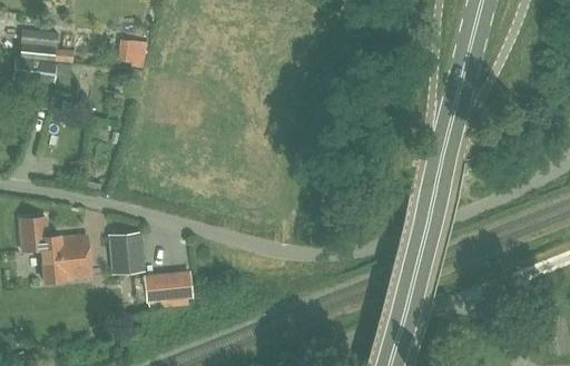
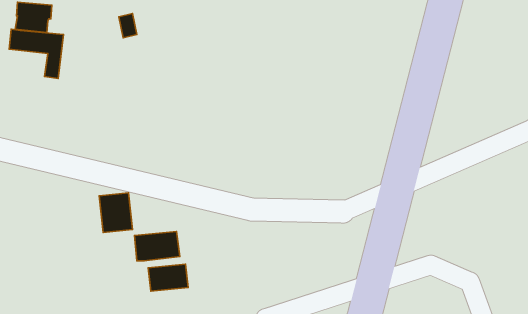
building: [19,216,90,281] -> none
building: none -> [148,264,188,291]

